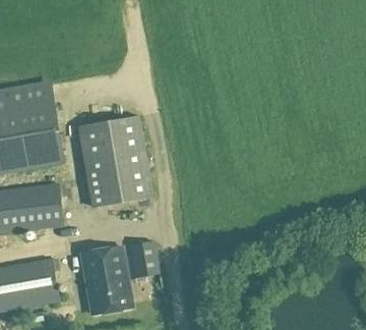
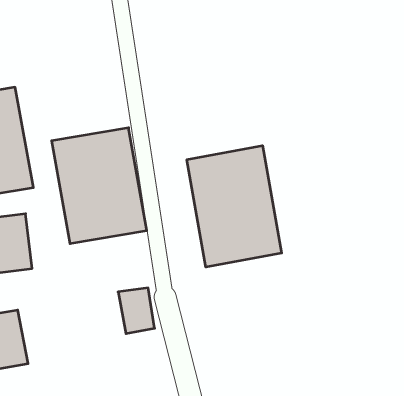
building: none -> [187,146,282,267]
building: [82,245,131,313] -> none

